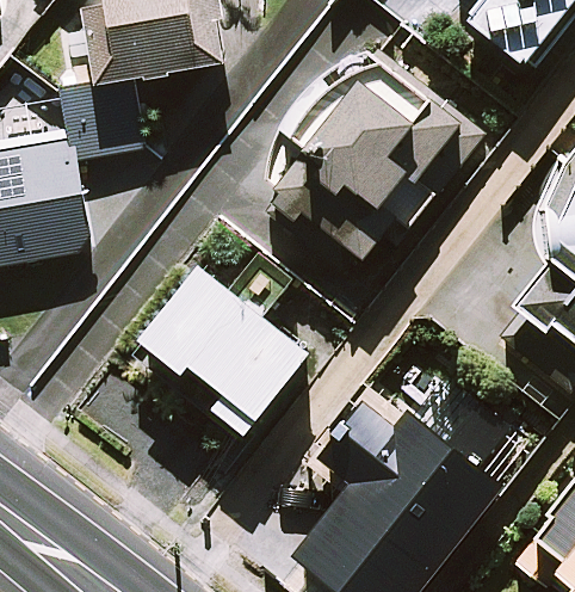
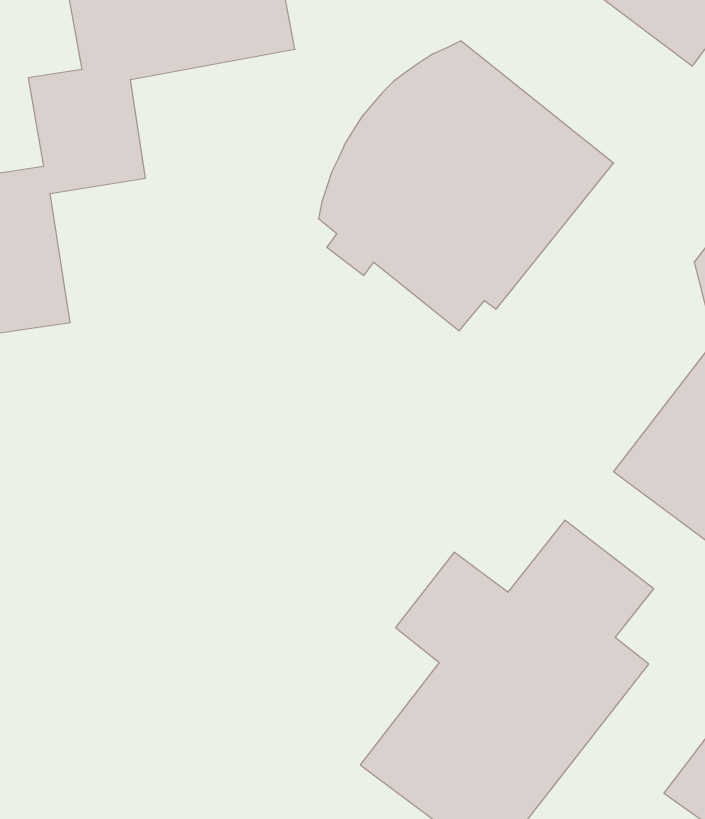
building: [131,267,308,439] -> none

